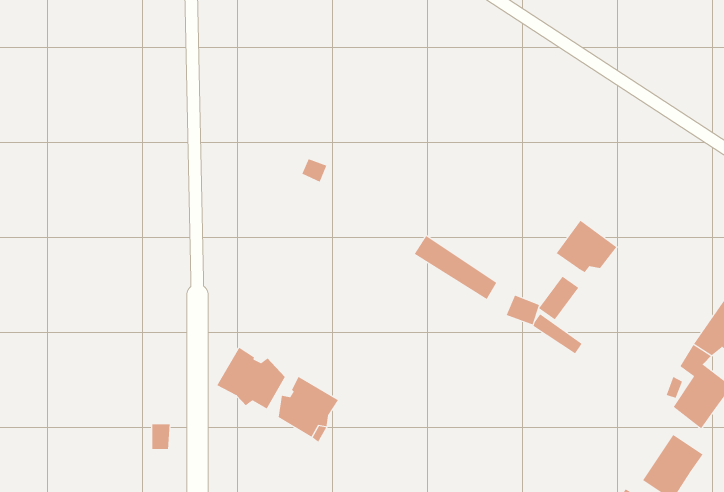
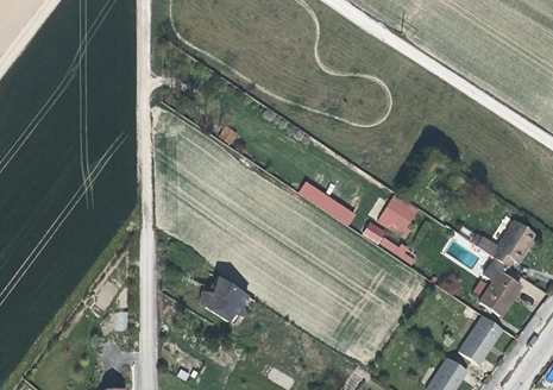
building: [556,220,617,273] -> none
building: [217,347,285,410] -> none

